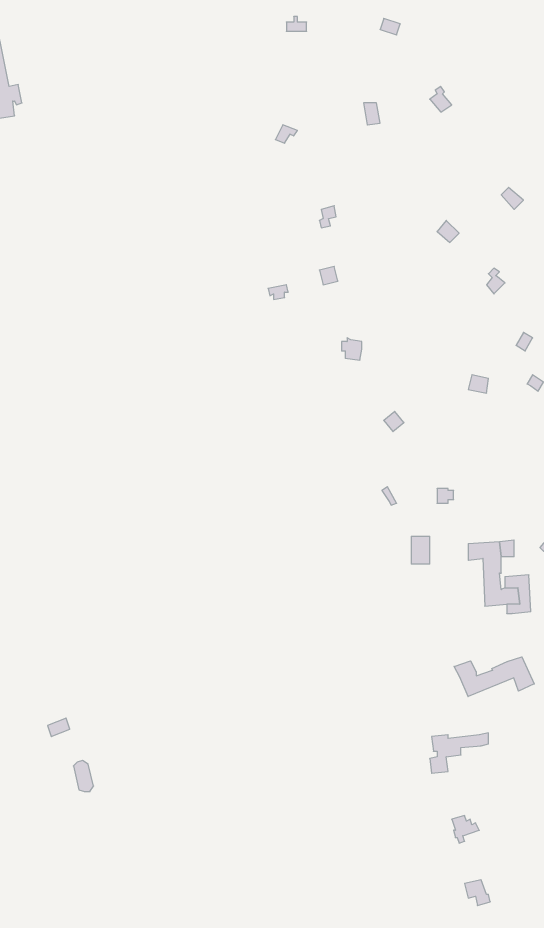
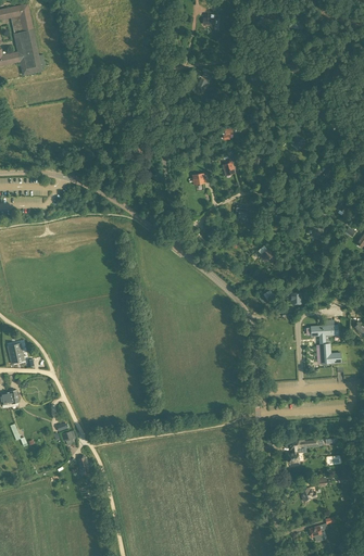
building: [454,657,534,697] -> none

